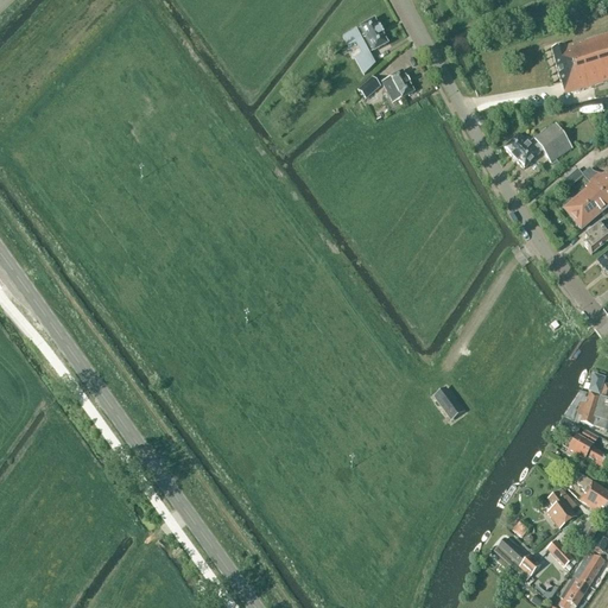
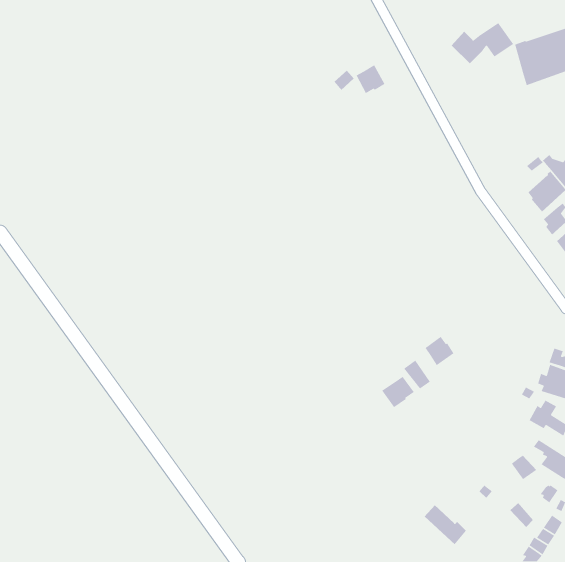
building: [344,17,388,72] -> none
building: [505,122,572,167] -> [451,22,514,64]
building: none -> [424,336,455,366]
building: none -> [381,376,415,408]
building: [494,537,540,581] -> [424,504,467,545]

